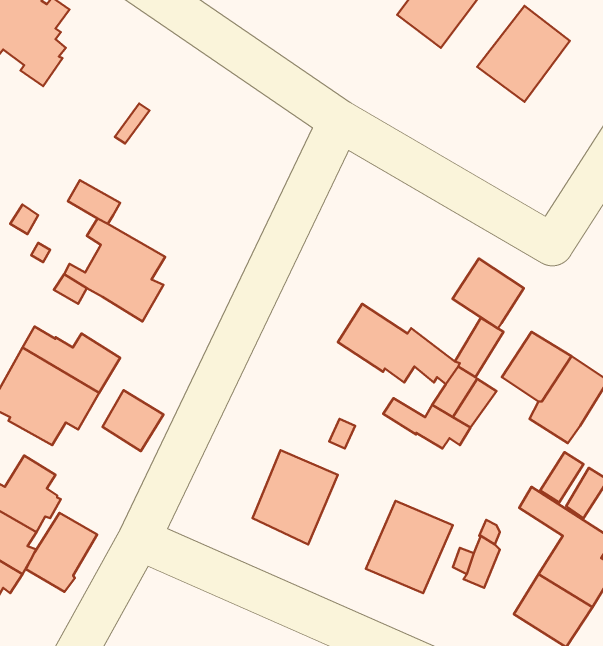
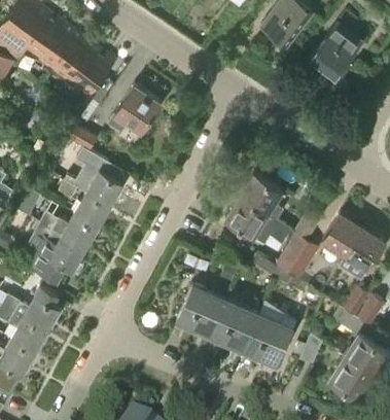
building: none -> [51,24,116,97]
building: none -> [109,85,162,133]
building: [453,259,524,328] -> [240,174,282,215]
building: [102,390,163,451] -> [74,194,110,230]
building: none -> [208,299,259,354]
building: [26,513,97,592] -> none

